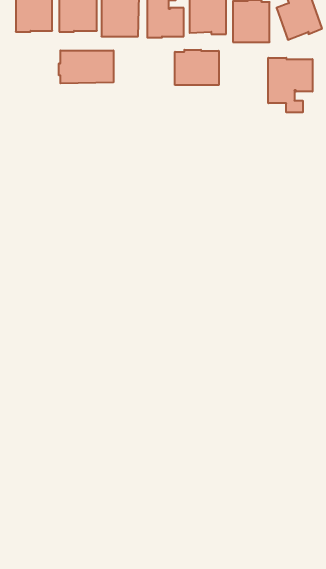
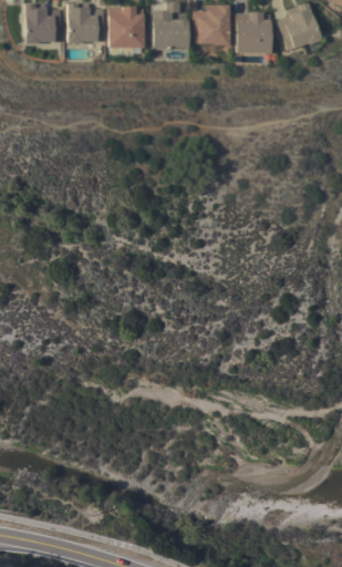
building: [175,50,219,85] -> none
building: [59,50,113,83] -> none
building: [268,58,312,112] -> none

